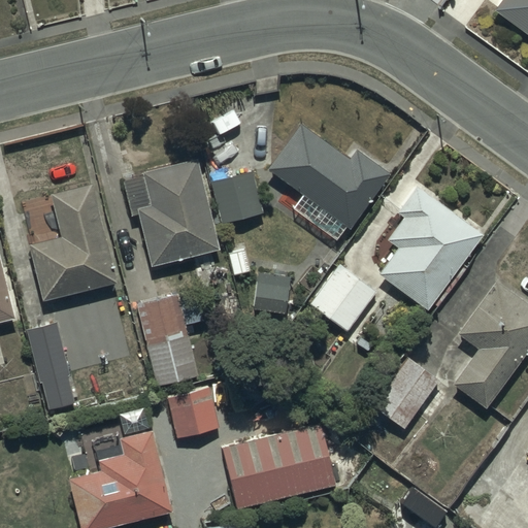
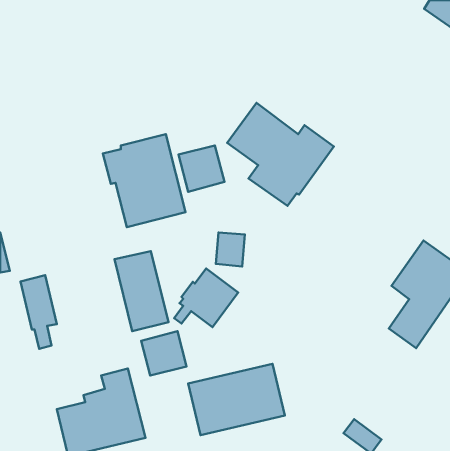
building: [29,184,118,301] -> none
building: [380,187,484,311] -> none
building: [304,265,378,333] -> [174,269,238,327]
building: [370,356,440,430] -> none

